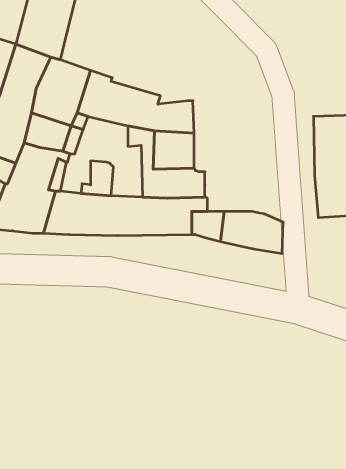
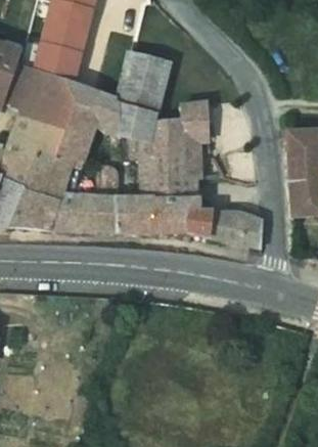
building: none -> [116,53,169,114]
building: none -> [179,103,207,179]

